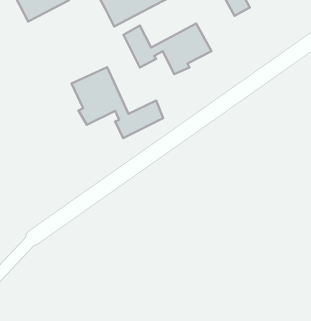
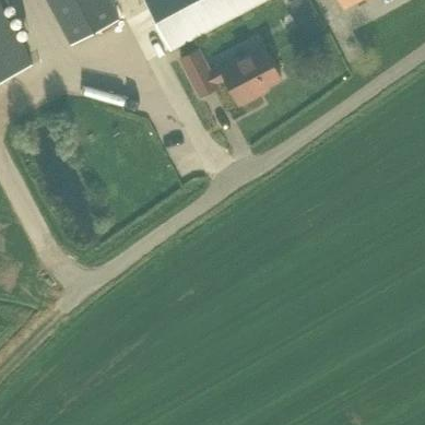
building: [71,67,163,138] -> none

